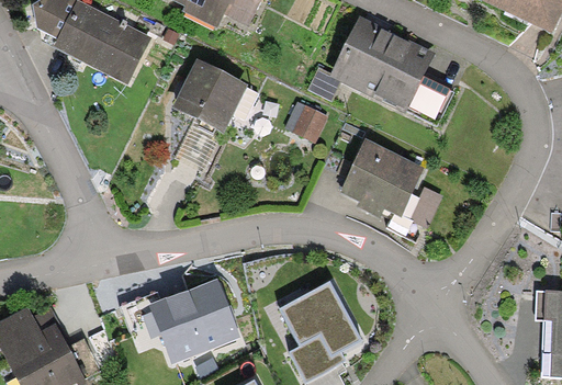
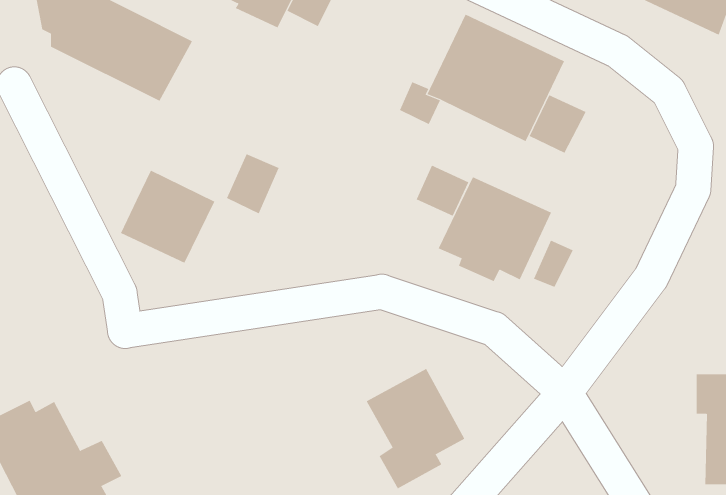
building: [173,60,246,132] -> [120,170,215,263]
building: [288,102,328,141] -> [416,165,469,217]
building: [119,279,240,363] -> none

